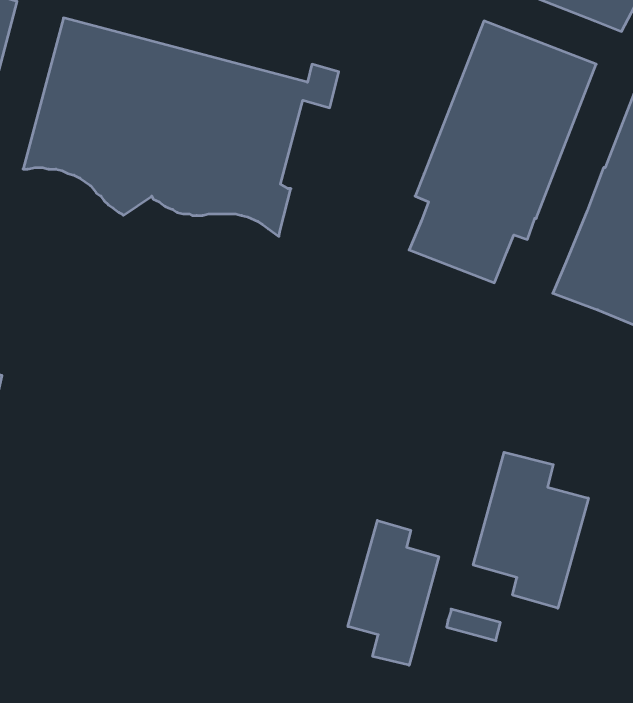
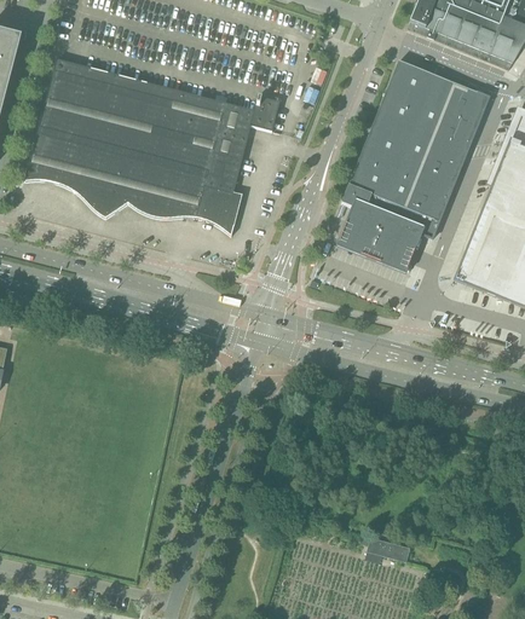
building: [473,452,588,608] -> none
building: [348,520,439,665] -> none

